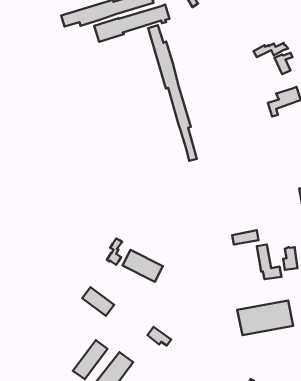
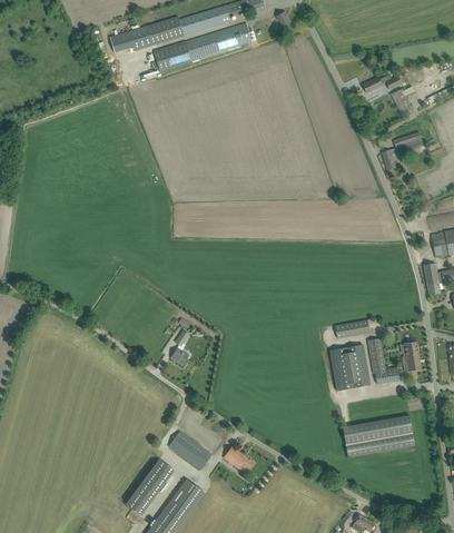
building: [148,25,197,161] -> none
building: none -> [328,344,369,391]
building: [122,250,163,282] -> none
building: [82,287,114,316] -> [168,431,210,468]

